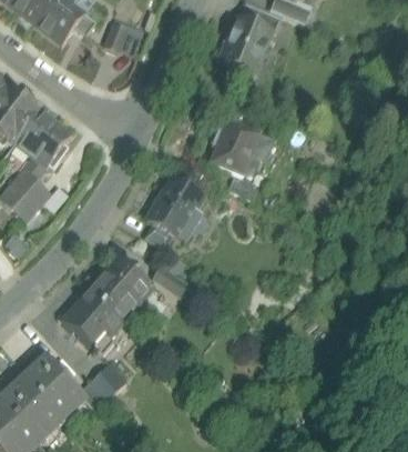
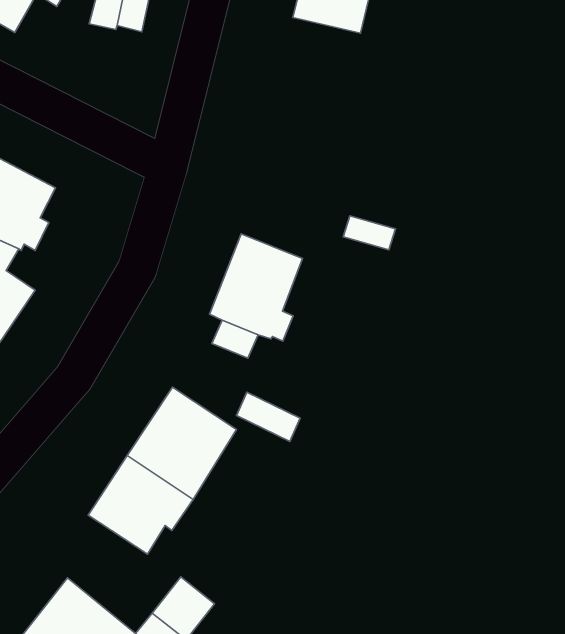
building: [211,119,274,174] -> none

